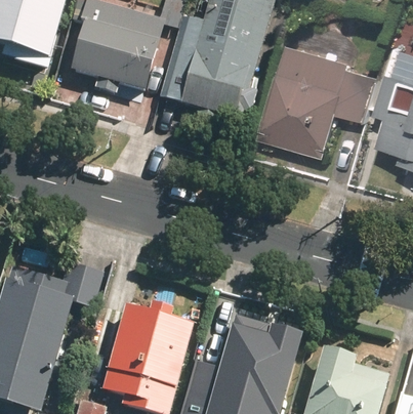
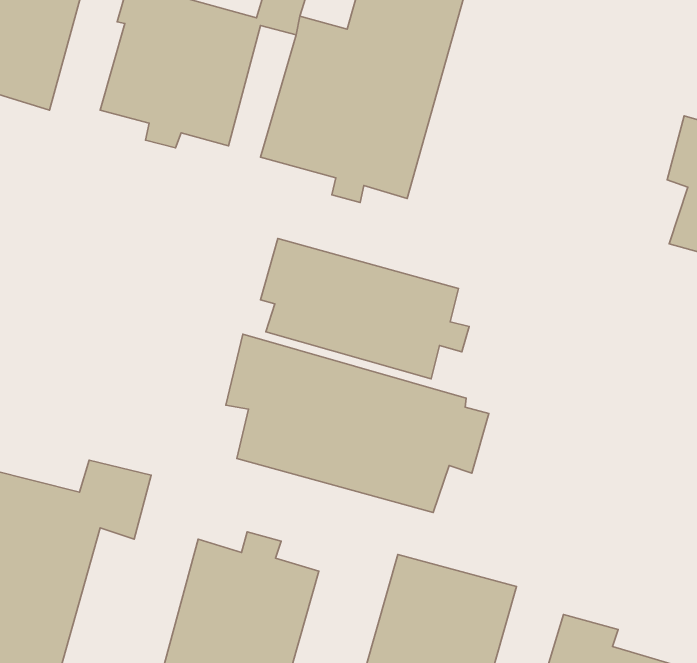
building: [263,54,377,152] -> none
building: none -> [261,239,469,379]
building: none -> [226,334,489,513]

